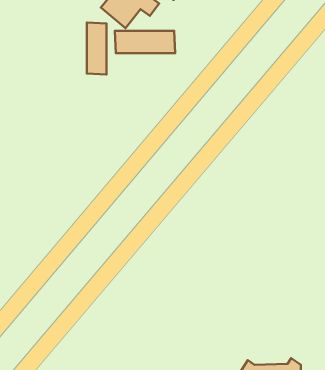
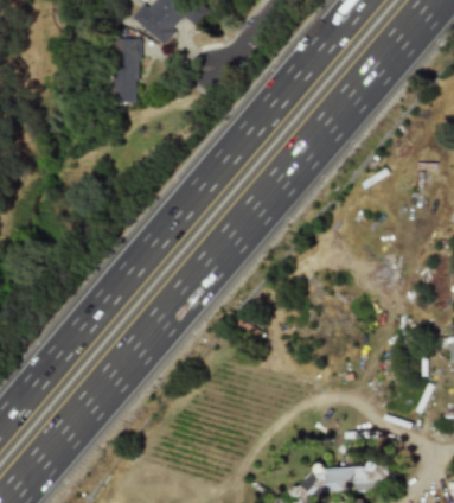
building: [115,31,175,53] -> none

